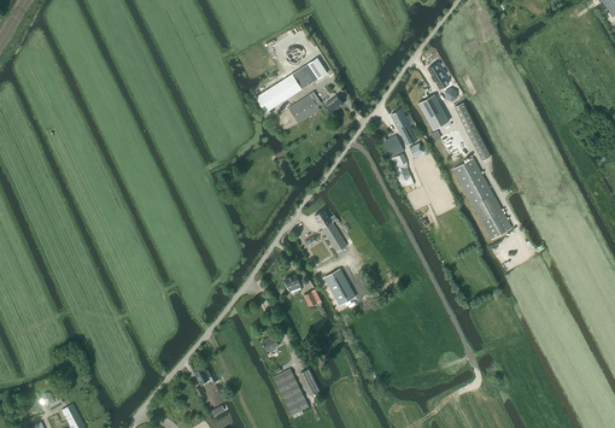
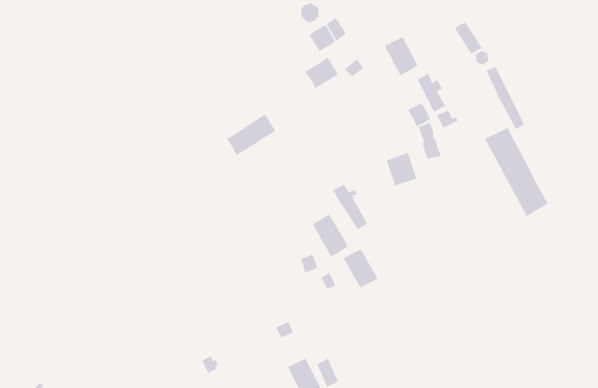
building: [256,74,301,112] -> [226,114,276,156]
building: [417,94,449,130] -> [384,37,419,76]
building: none -> [386,152,417,187]
building: none -> [312,214,349,257]

